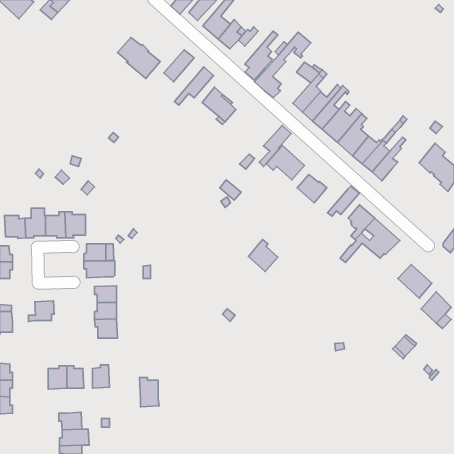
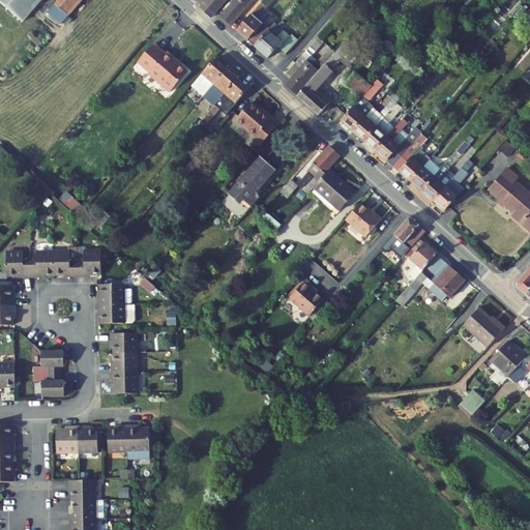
building: none -> [202,67,237,106]
building: none -> [220,157,274,218]
building: none -> [41,373,63,395]
building: [140,377,159,407] -> [126,424,149,459]

